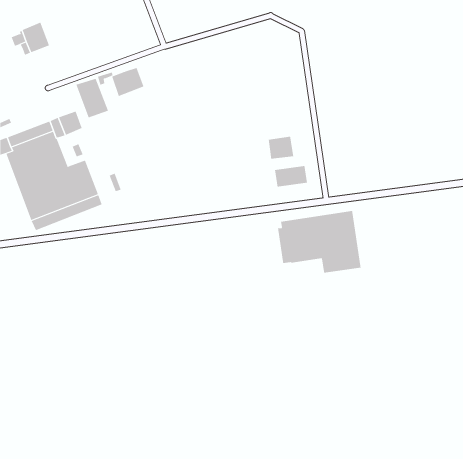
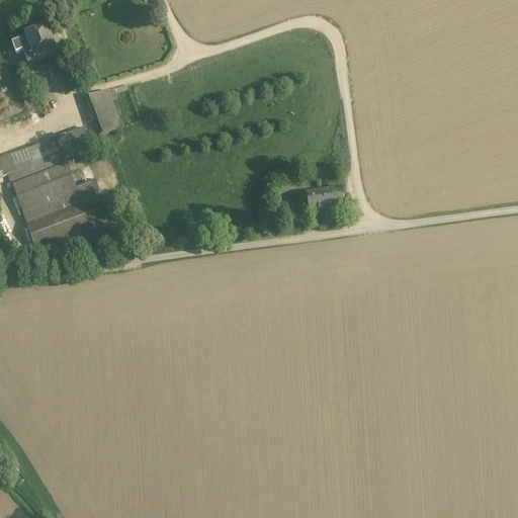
building: [112,67,144,97] -> none
building: [268,136,294,160] -> none
building: [277,210,361,273] -> none

